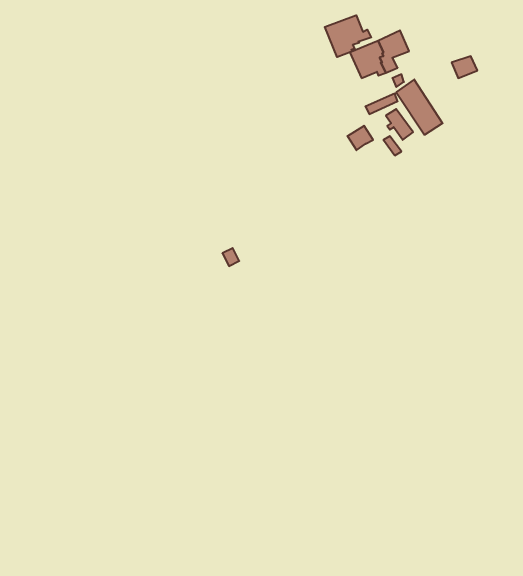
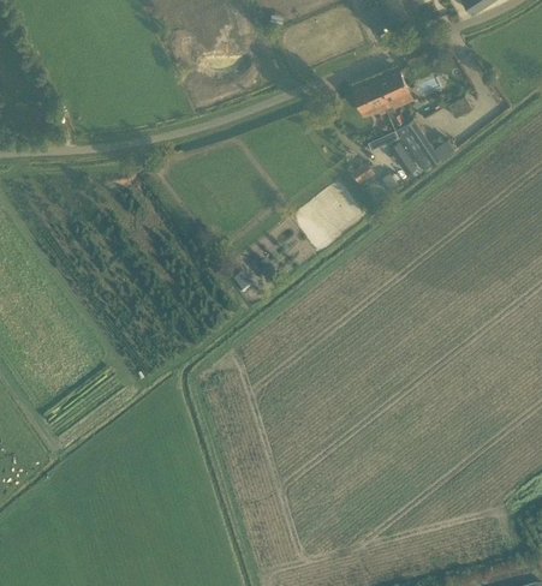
building: [325,15,371,57] -> none

